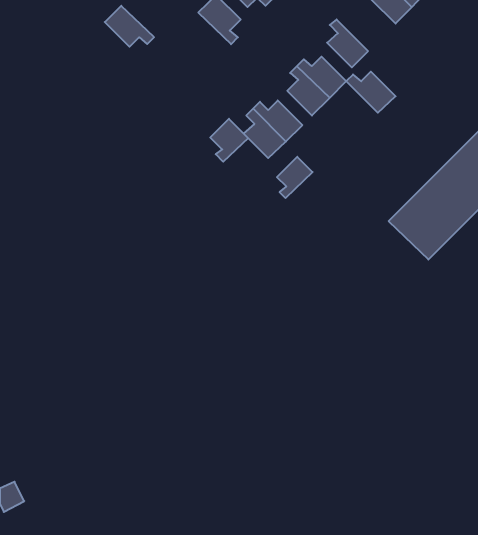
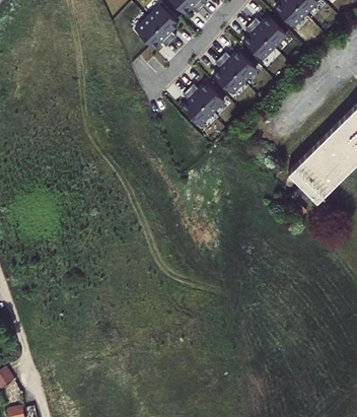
building: [105,6,154,47] -> [135,20,171,51]
building: [346,72,396,113] -> [249,18,286,49]
building: [210,119,248,162] -> none
building: [277,157,313,198] -> none

